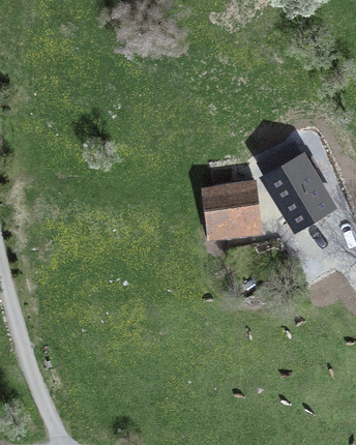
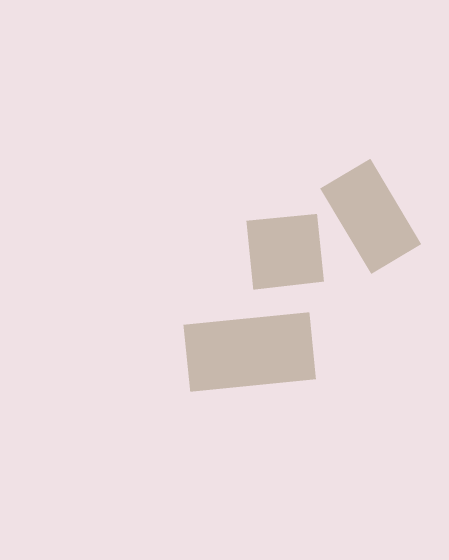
building: none -> [183,311,317,392]

